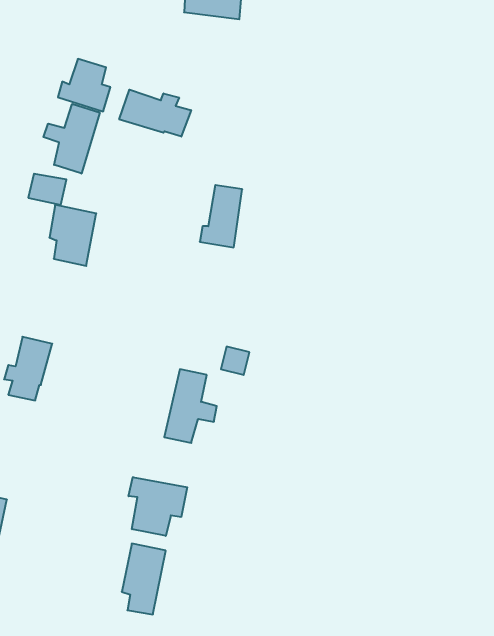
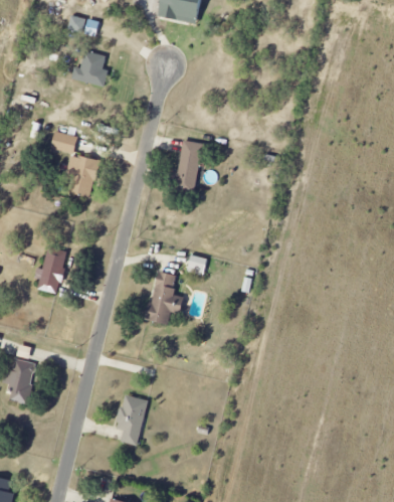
building: none -> [67,15,98,36]
building: [119,90,191,137] -> none
building: [43,104,100,174] -> none
building: [129,477,187,536] -> none

